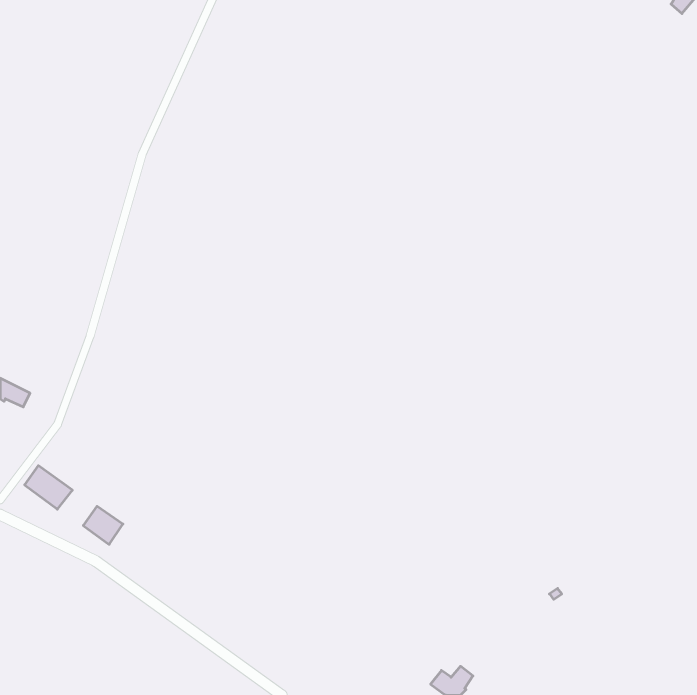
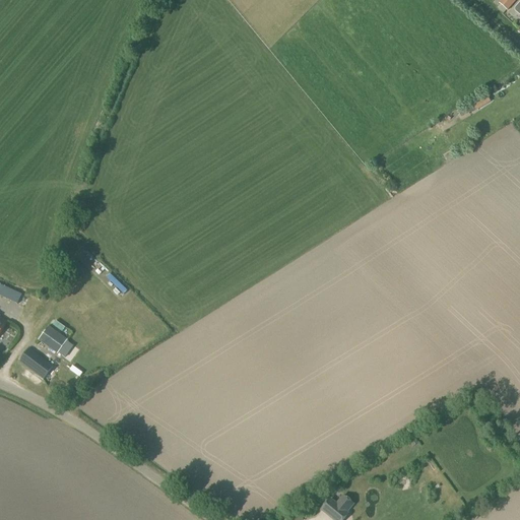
building: [83,506,123,544] -> [39,325,68,353]

